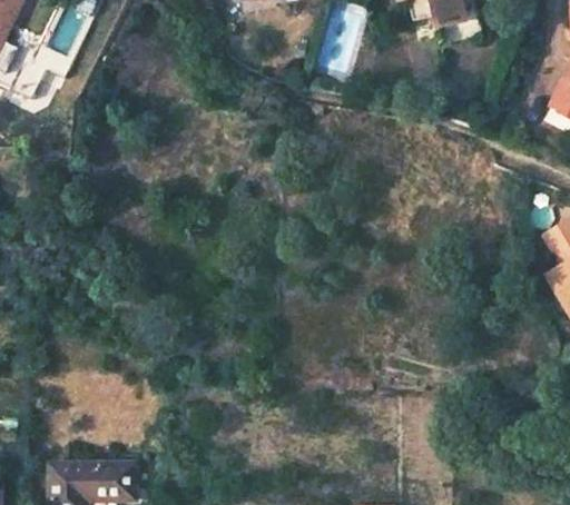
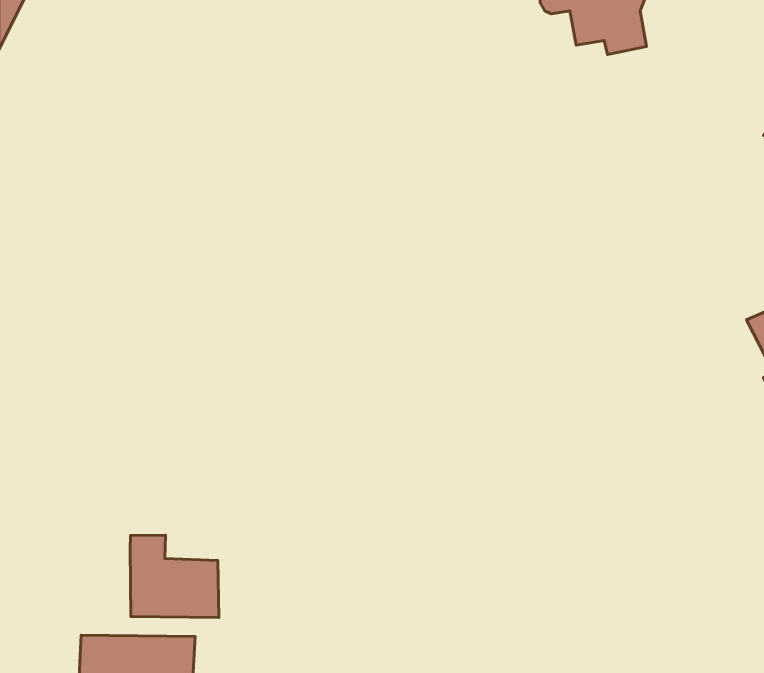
building: none -> [130,535,219,618]

